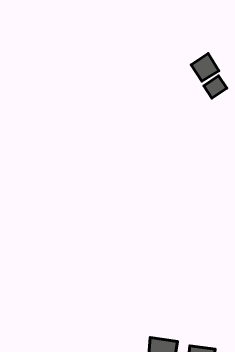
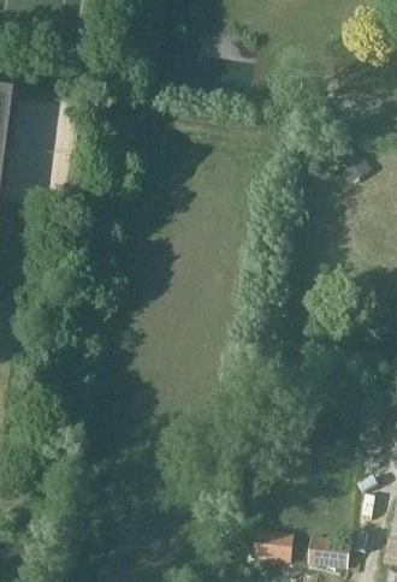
building: [191,53,219,81] -> none

